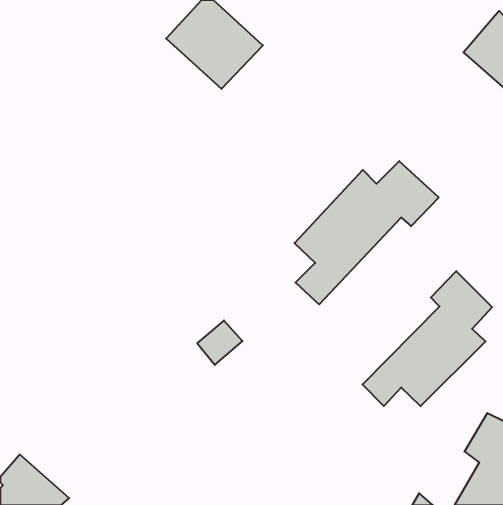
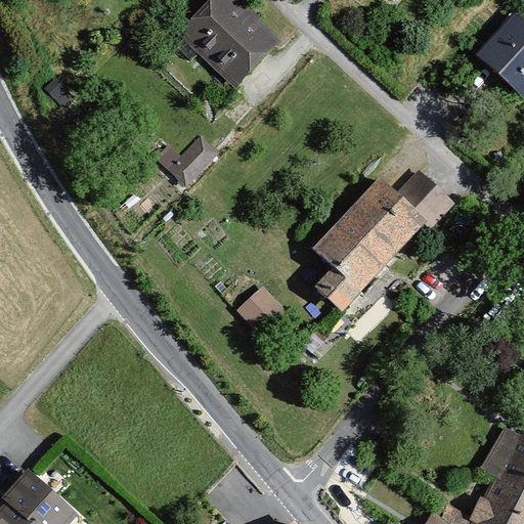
building: none -> [158,133,224,189]
building: [362,271,492,406] -> none
building: [197,320,243,365] -> [239,286,287,332]

